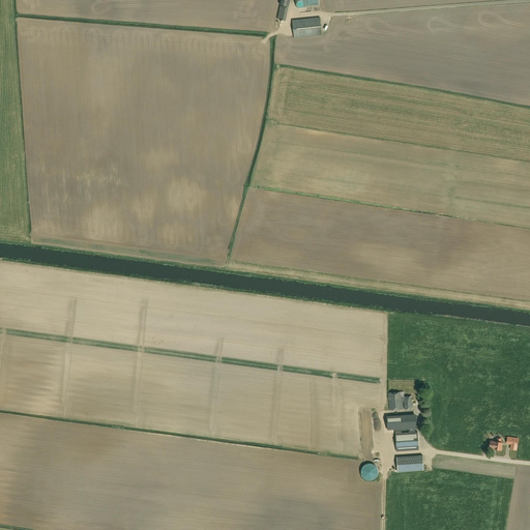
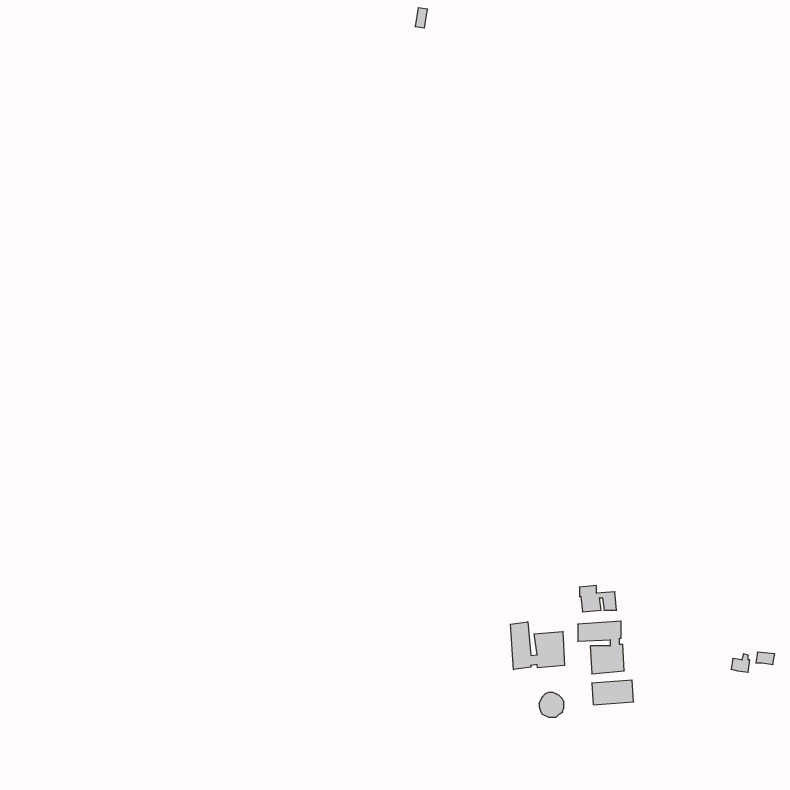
building: [291,17,321,37] -> none
building: none -> [510,622,565,670]

